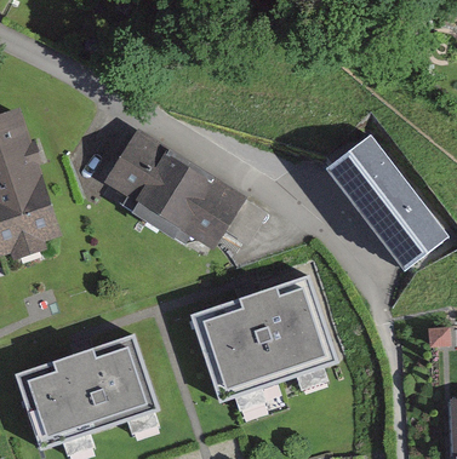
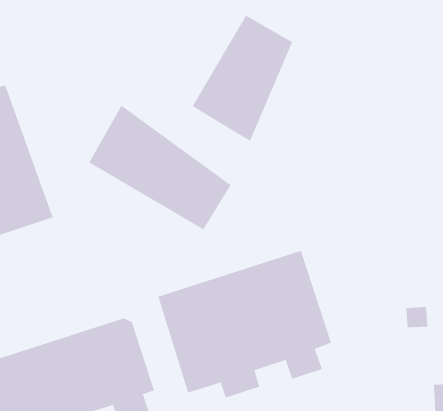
building: none -> [192,15,293,142]
building: [310,127,450,279] -> none

